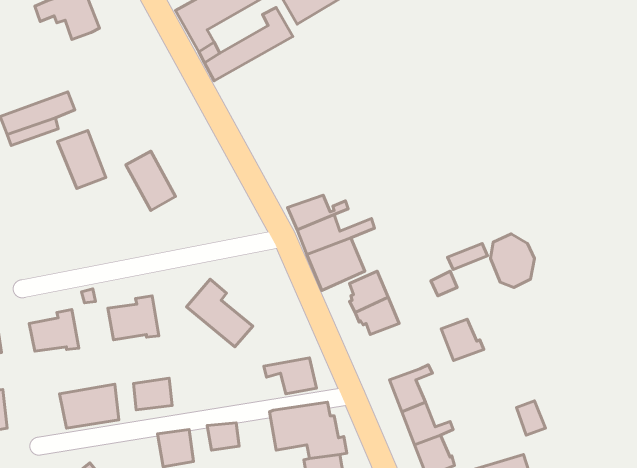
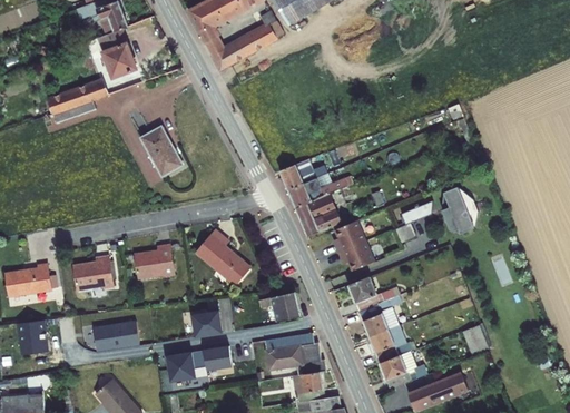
building: [57,131,106,188] -> [95,30,134,77]
building: [441,319,484,361] -> [350,277,384,311]
building: [133,378,172,410] -> [196,309,227,335]

